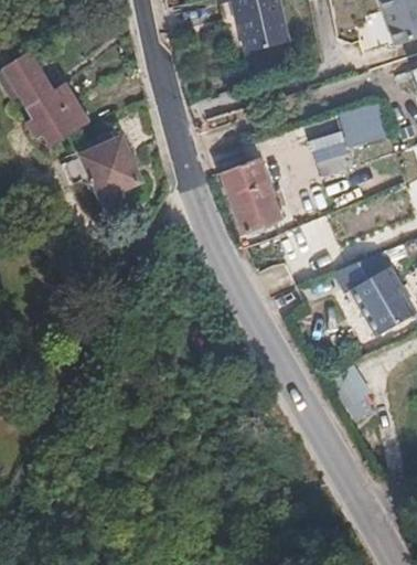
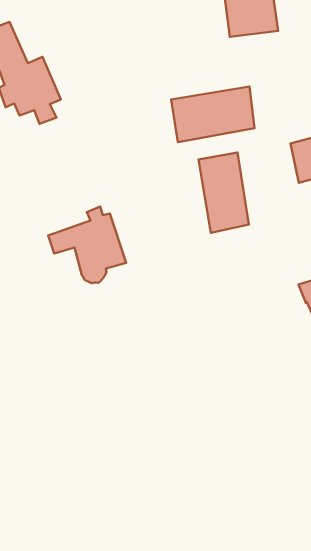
building: none -> [171,86,254,142]
building: [62,130,139,204] -> [48,207,126,283]

